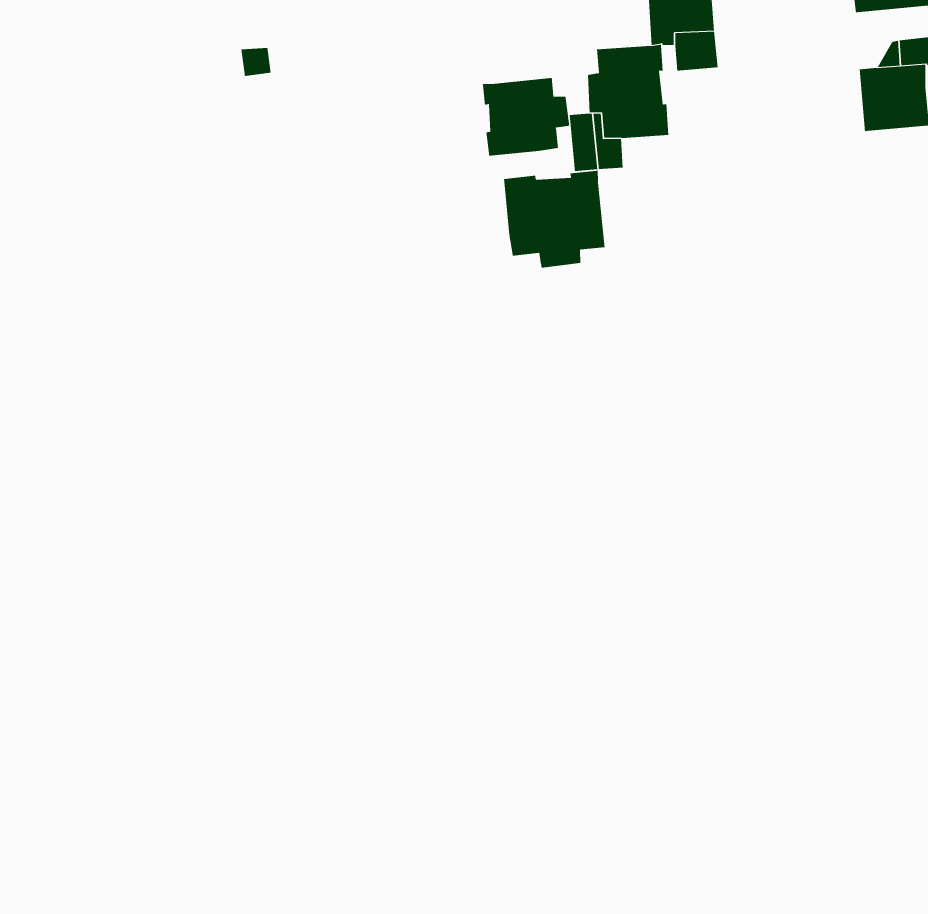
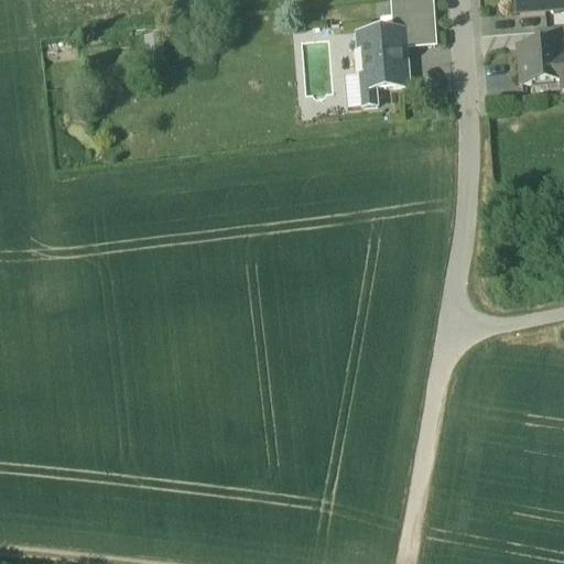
building: [482,77,570,156] -> none
building: [503,170,605,269] -> none

